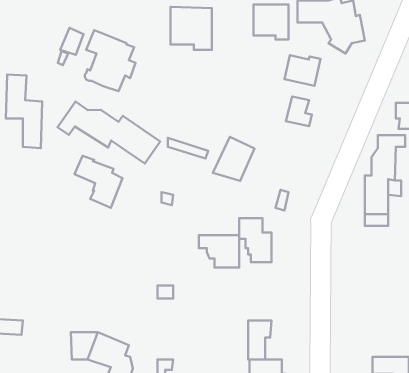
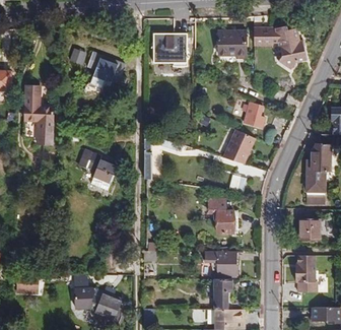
building: [285,55,321,86] -> none
building: [57,101,160,164] -> none
building: [213,137,254,181] -> [221,129,254,163]
building: [199,235,239,268] -> [204,251,235,276]
building: none -> [299,217,320,241]
building: none -> [295,255,317,291]

